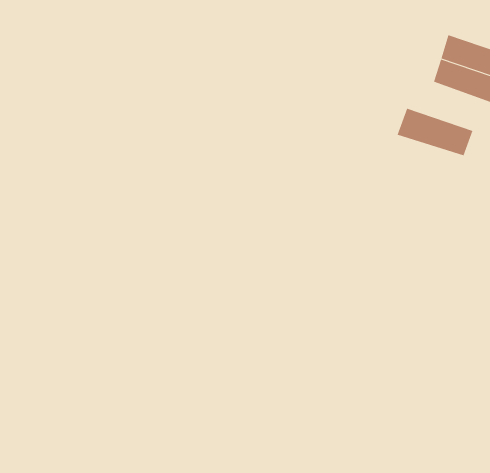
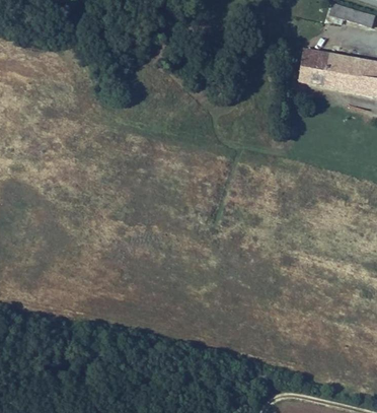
building: [397,108,473,156] -> none

